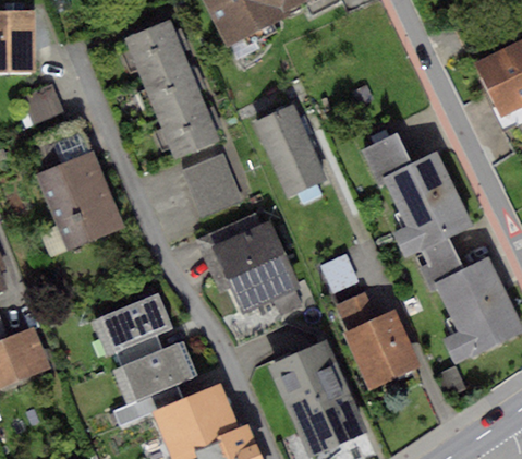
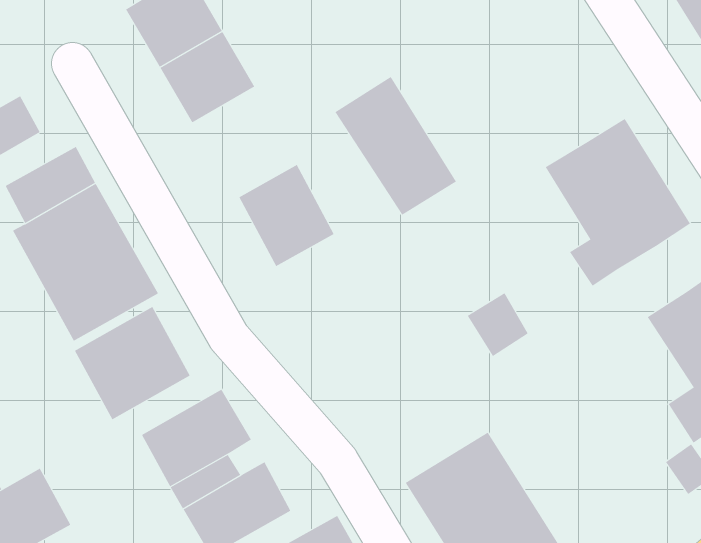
building: [159,100,219,158] -> none
building: [361,132,412,180] -> none
building: [207,216,307,314] -> none
building: none -> [74,306,190,420]
building: [420,235,463,283] -> none
building: [337,293,420,390] -> none

